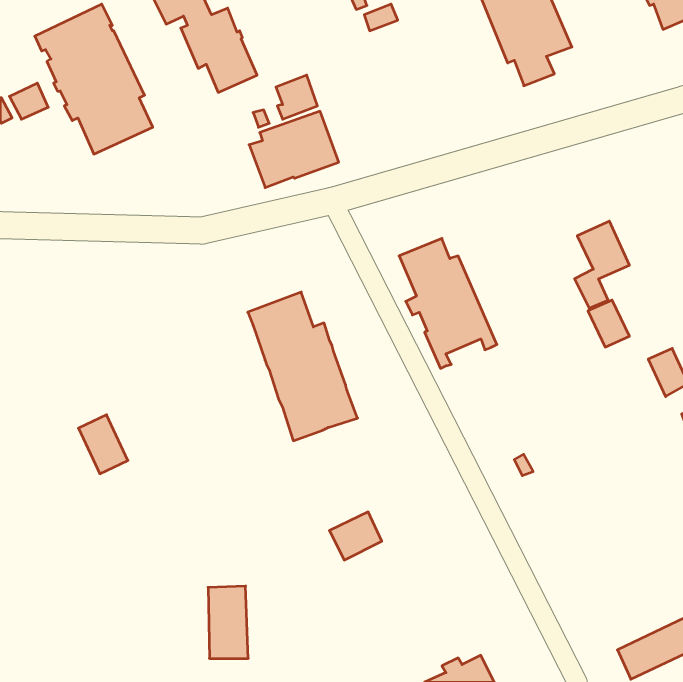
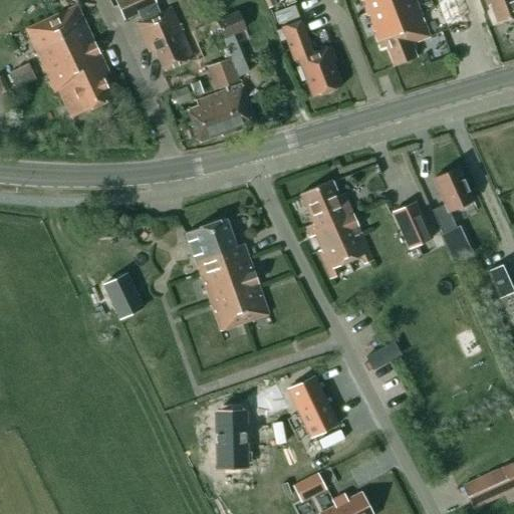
building: none -> [217,11,249,75]
building: none -> [281,18,342,95]
building: none -> [394,202,433,247]
building: [78,415,128,474] -> [108,280,146,324]
building: none -> [290,377,339,439]
building: [208,586,248,658] -> [217,410,247,464]
building: none -> [293,472,326,500]

